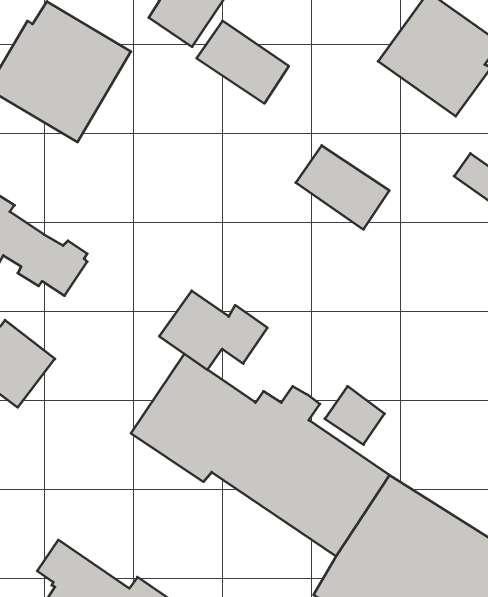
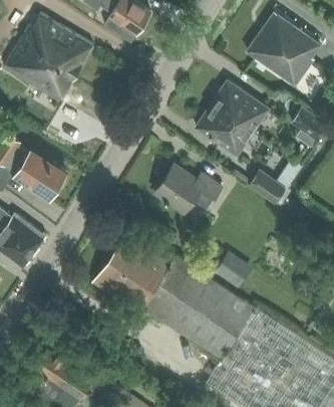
building: [197,21,289,103] -> [211,80,268,132]
building: none -> [249,171,285,203]
building: [159,291,267,370] -> [153,164,221,213]

